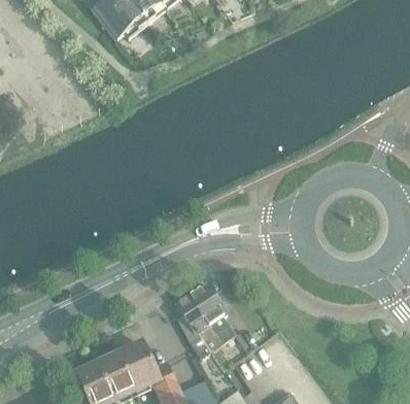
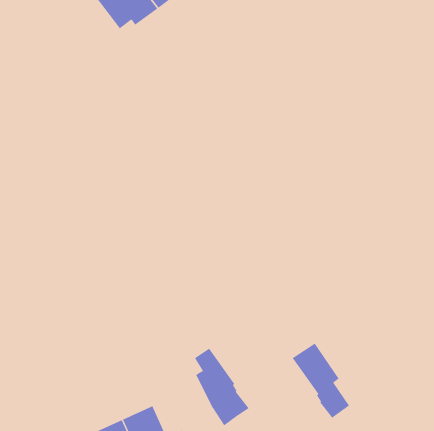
building: [189,282,235,343] -> [292,343,350,418]

